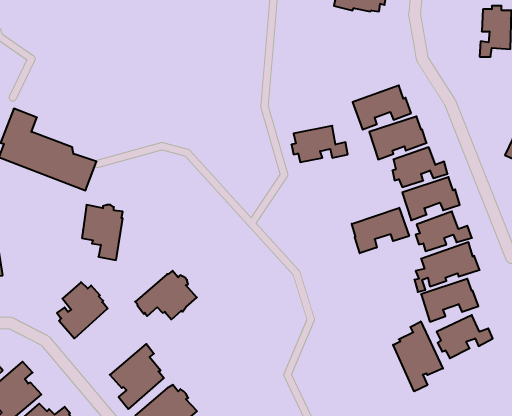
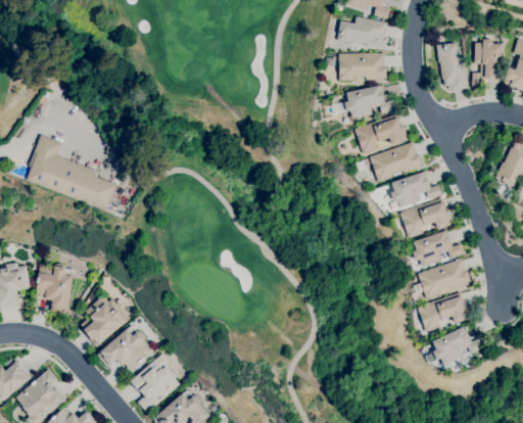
building: none -> [436,42,469,90]
building: none -> [339,53,386,81]
building: [291,126,348,162] -> [344,85,396,119]
building: [82,205,123,260] -> [36,264,74,315]
building: [352,208,409,253] -> none
building: [135,271,197,319] -> [97,326,154,371]
building: [393,321,443,391] -> none

